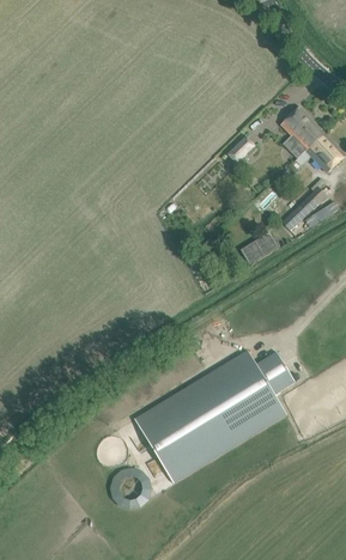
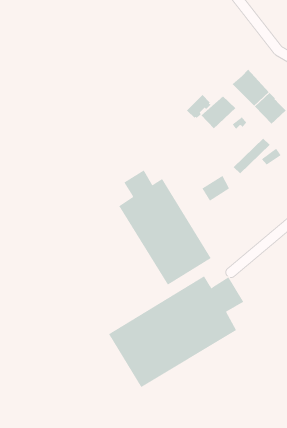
building: none -> [201,95,236,129]
building: none -> [118,170,211,285]

